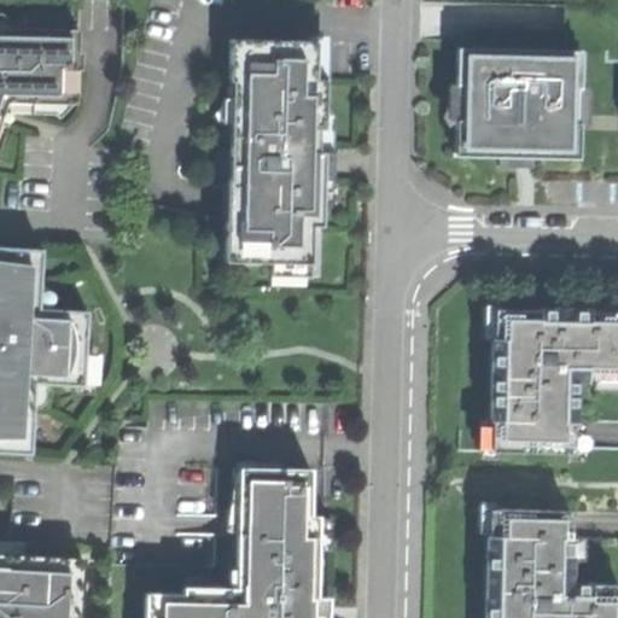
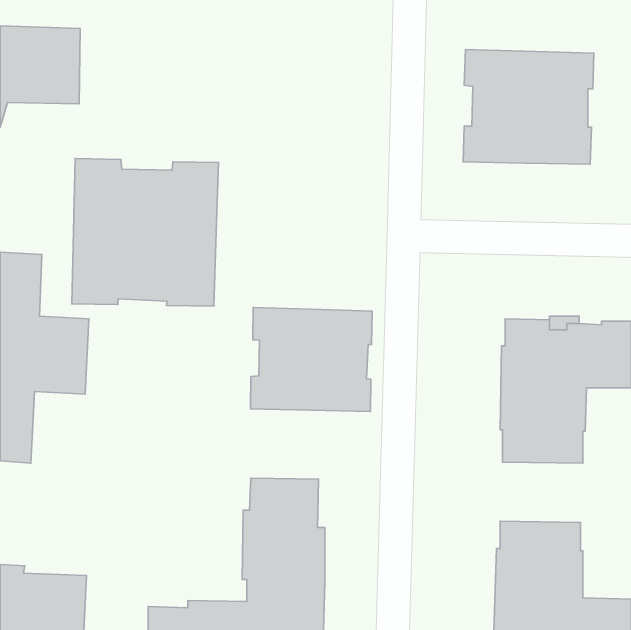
building: [225,40,323,266] -> none
building: none -> [72,159,218,306]
building: none -> [250,307,372,412]

